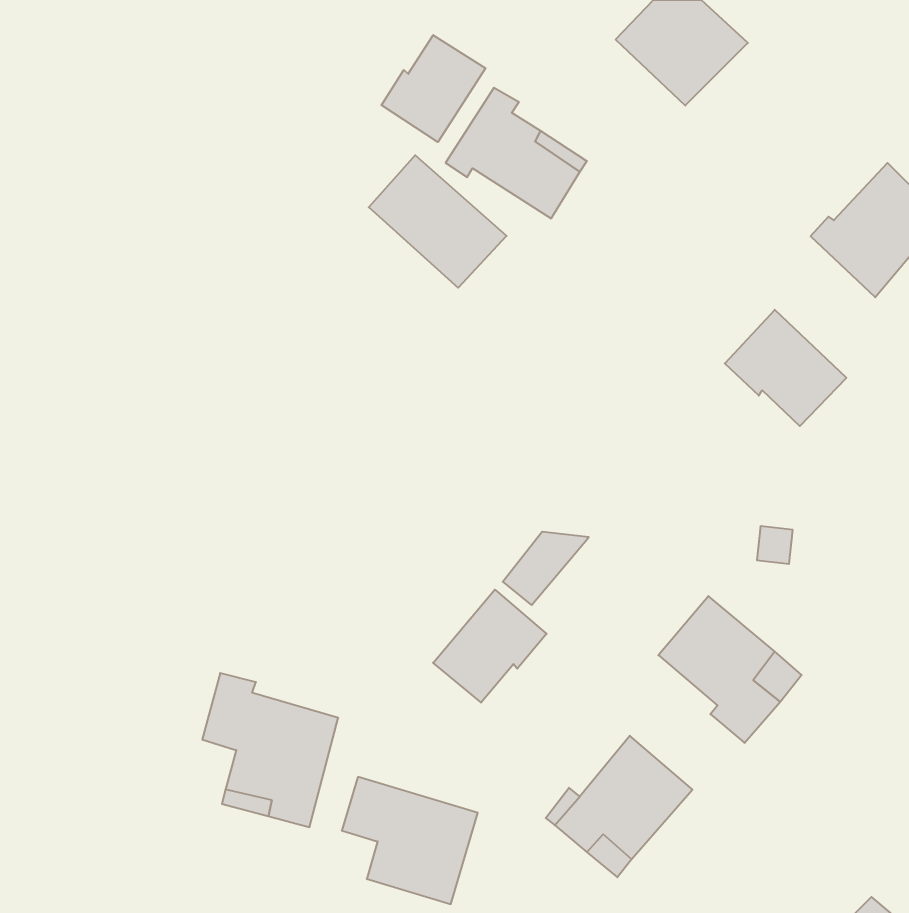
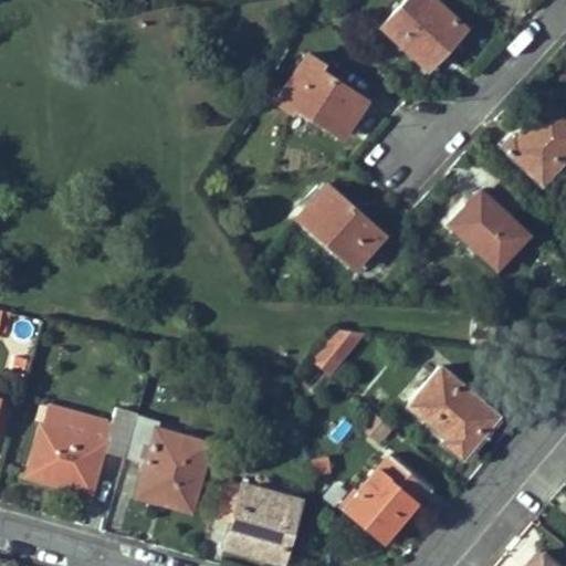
building: [381,35,485,142] -> none
building: [369,155,507,288] -> [300,186,385,268]
building: [433,590,547,703] -> none
building: none -> [30,411,139,493]

